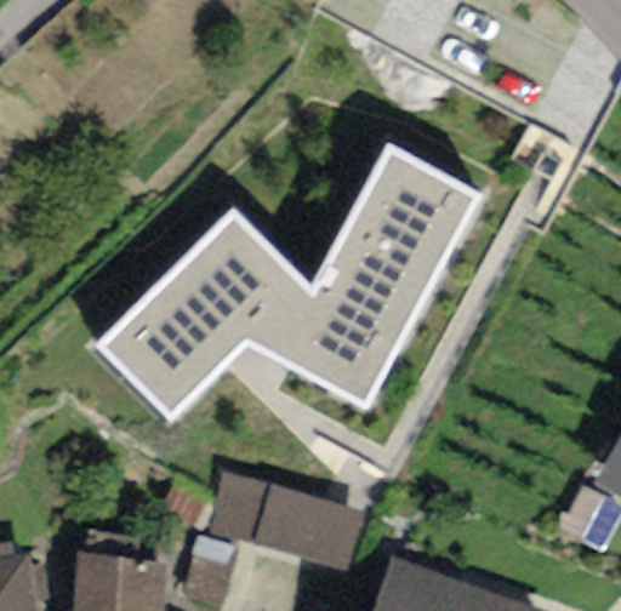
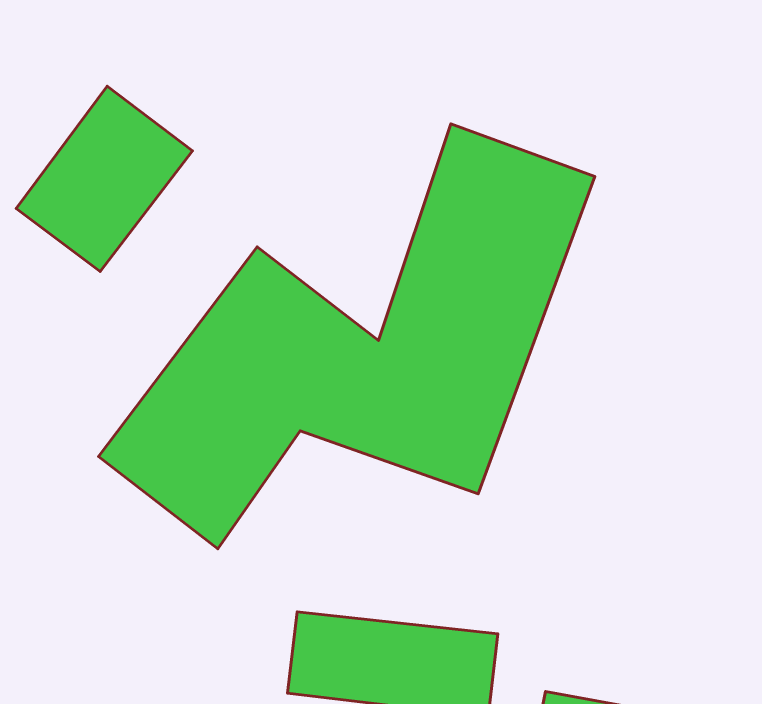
building: none -> [16,86,192,271]

